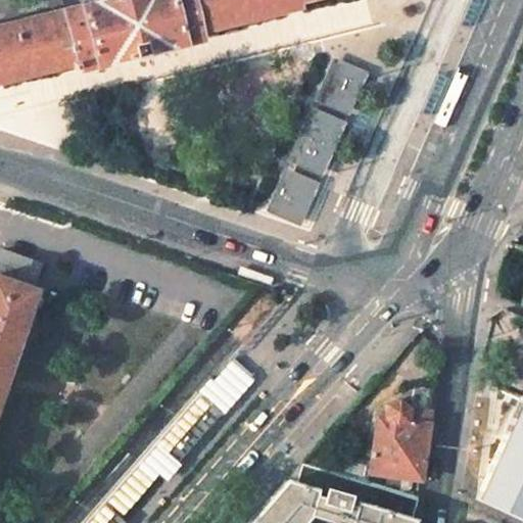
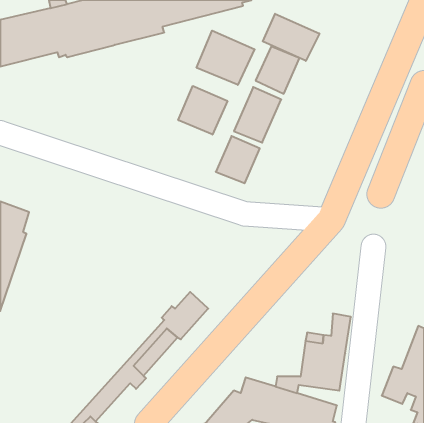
building: none -> [263,14,319,61]
building: none -> [197,31,255,85]
building: none -> [178,86,227,135]

